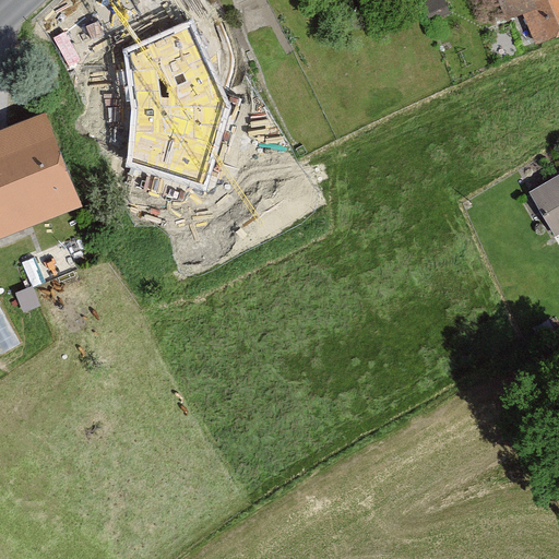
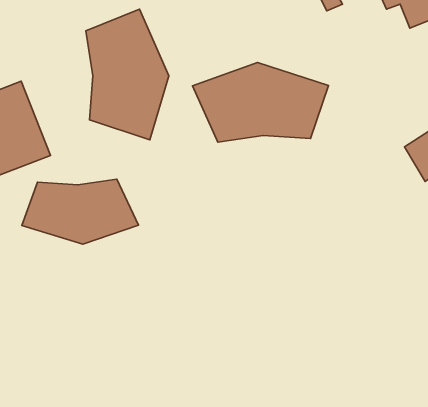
building: none -> [193,62,329,142]
building: none -> [22,179,138,244]

